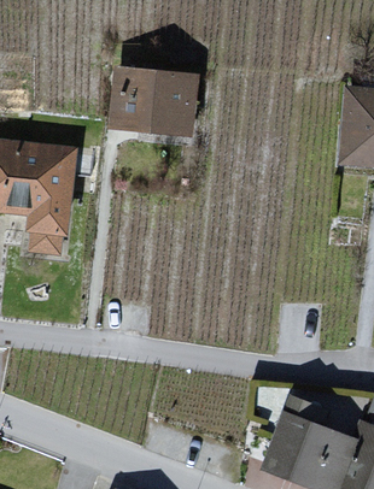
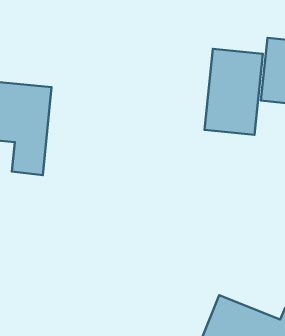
building: [110,70,197,135] -> none
building: none -> [204,49,263,135]

